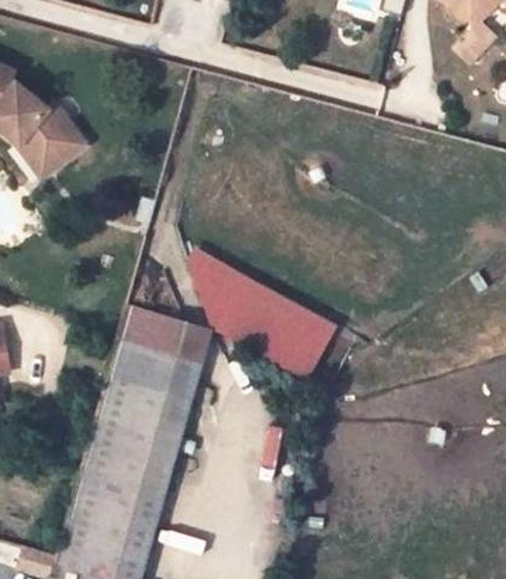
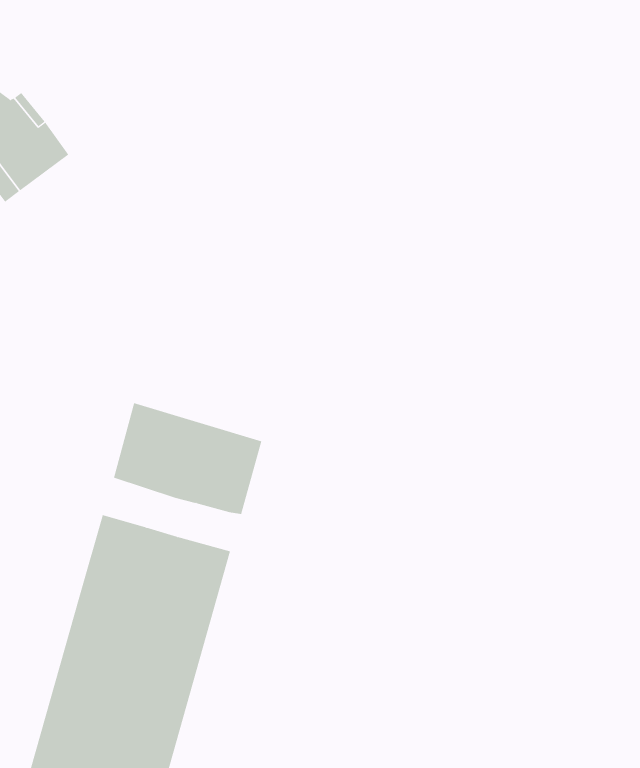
building: [189,260,331,380] -> none
building: [108,353,199,401] -> none

